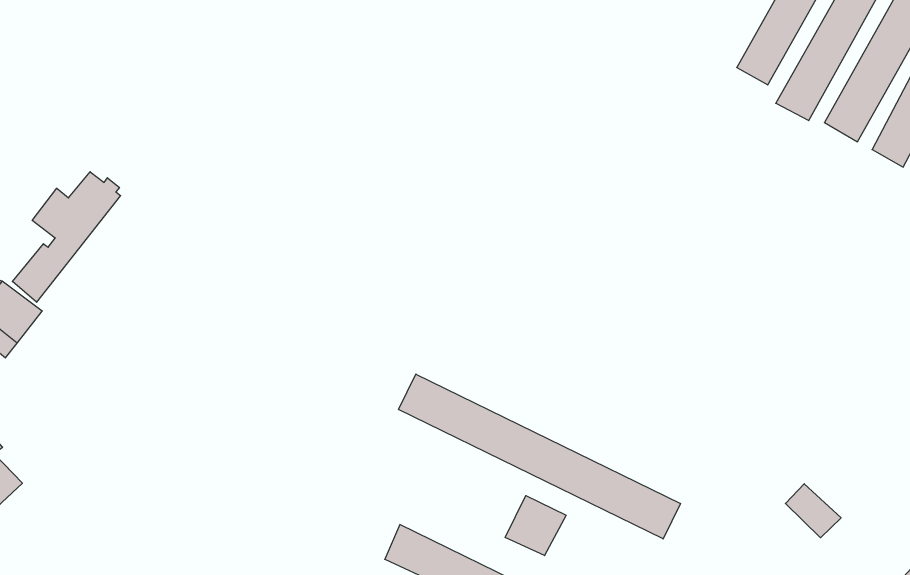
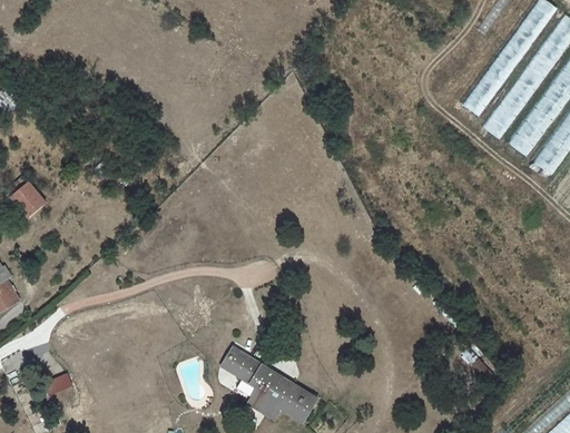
building: [12,172,121,302] -> none
building: [399,374,680,539] -> none
building: [505,496,566,556] -> none

